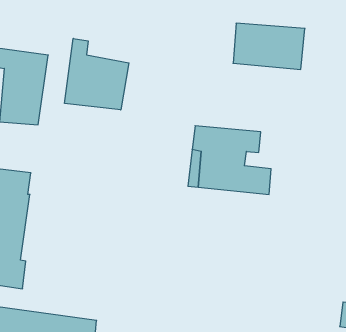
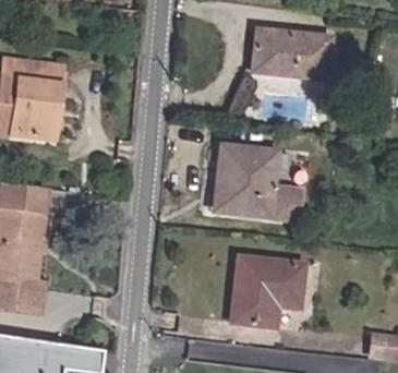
building: [65,38,129,110] -> none
building: none -> [230,257,302,325]

